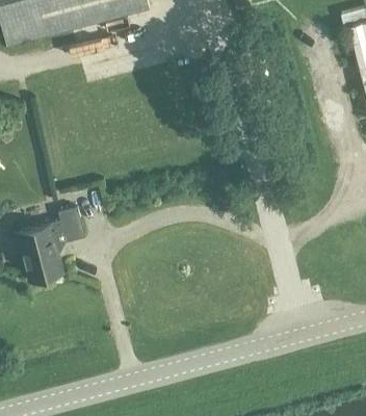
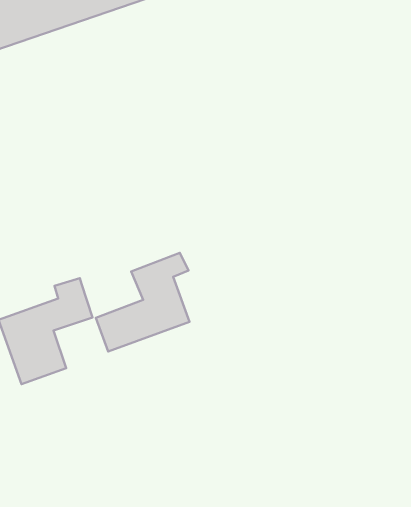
building: none -> [96,253,190,351]

